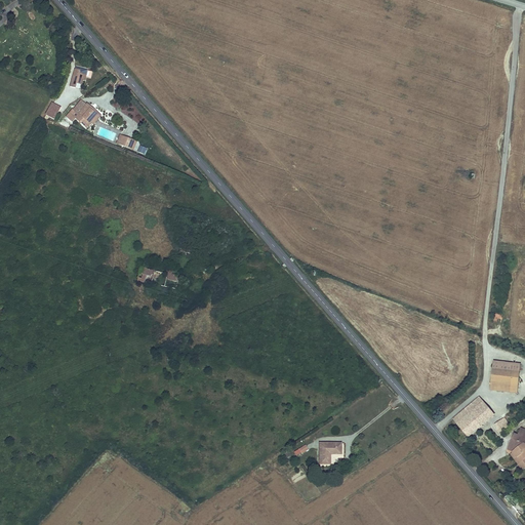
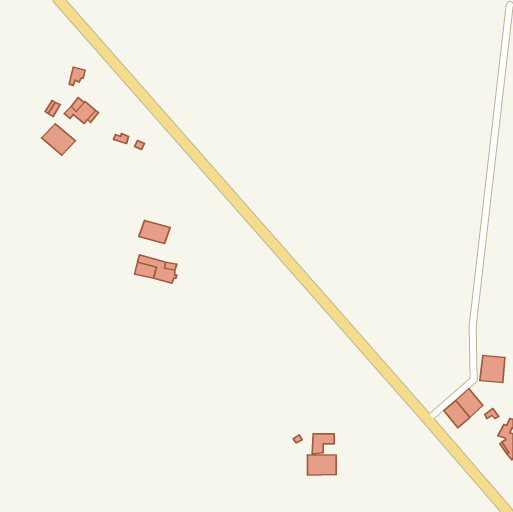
building: none -> [42,124,76,155]
building: none -> [139,220,170,244]
building: none -> [308,455,336,475]

